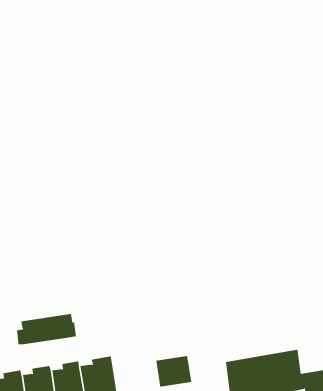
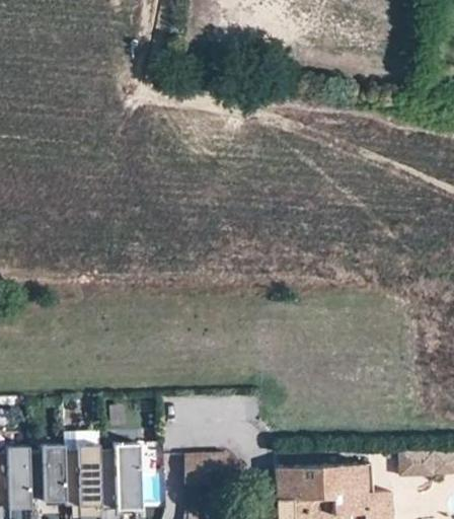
building: [17,313,76,345] -> none

